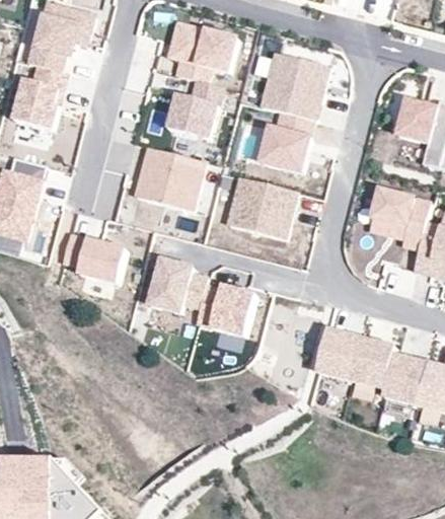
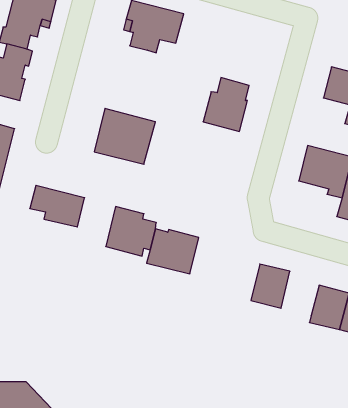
building: [259,53,327,120] -> none
building: [167,79,222,140] -> none
building: [226,176,296,238] -> none
building: [348,332,393,383] -> none

